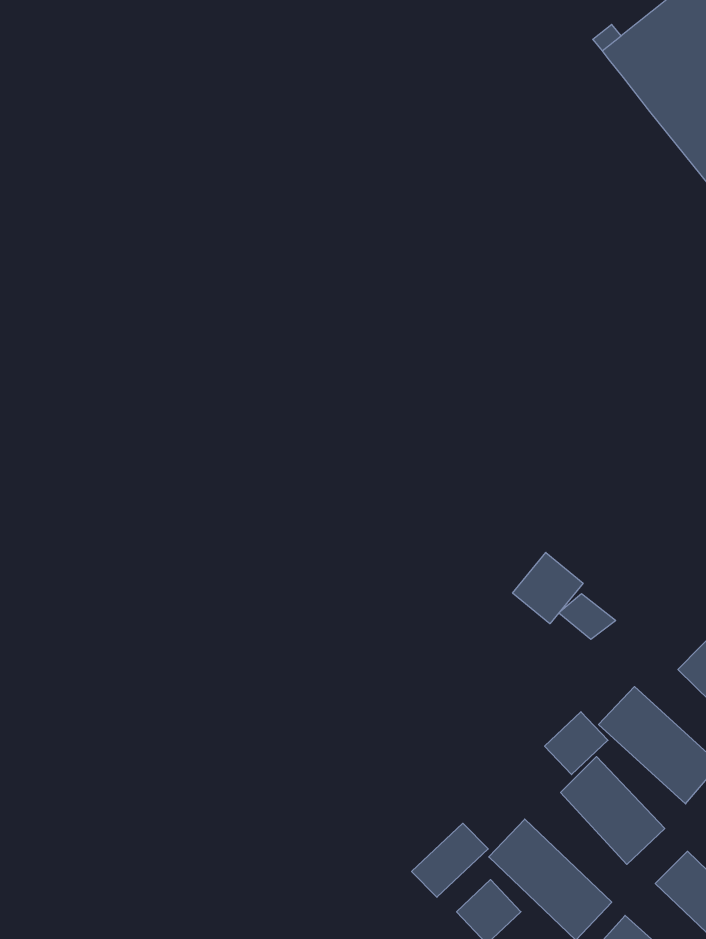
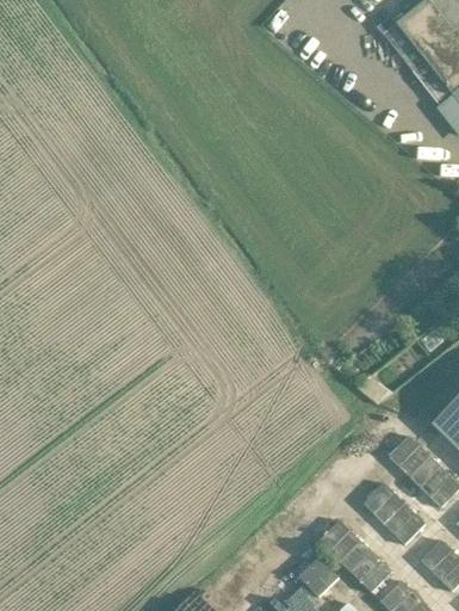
building: [513,552,583,624] -> none
building: [545,712,608,775] -> none
building: [412,823,488,897] -> none

